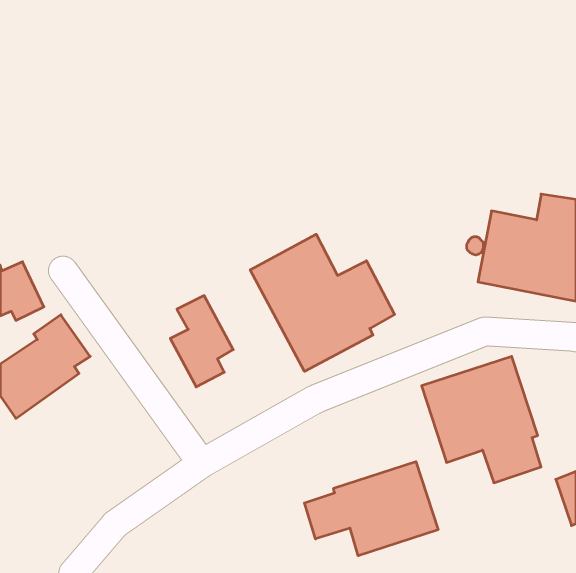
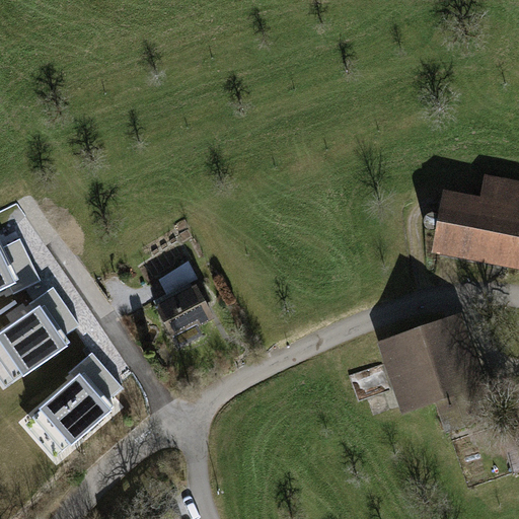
building: [250,234,395,371] -> none
building: none -> [31,349,124,447]
building: [304,462,438,556] -> none

